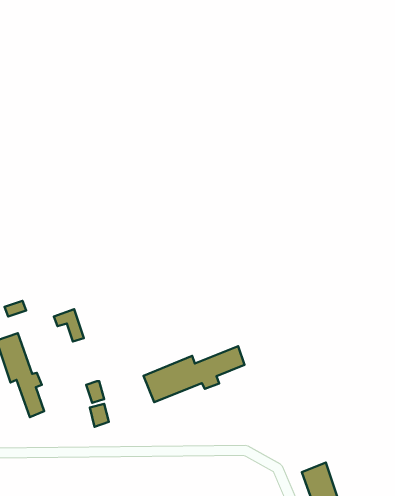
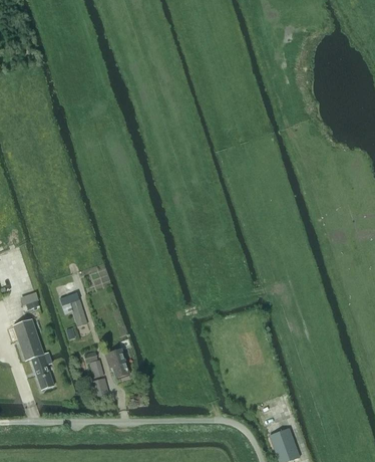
building: [143,346,244,402] -> none
building: none -> [105,349,128,377]

